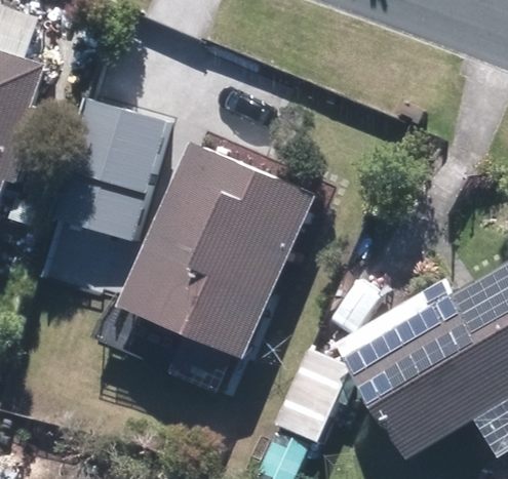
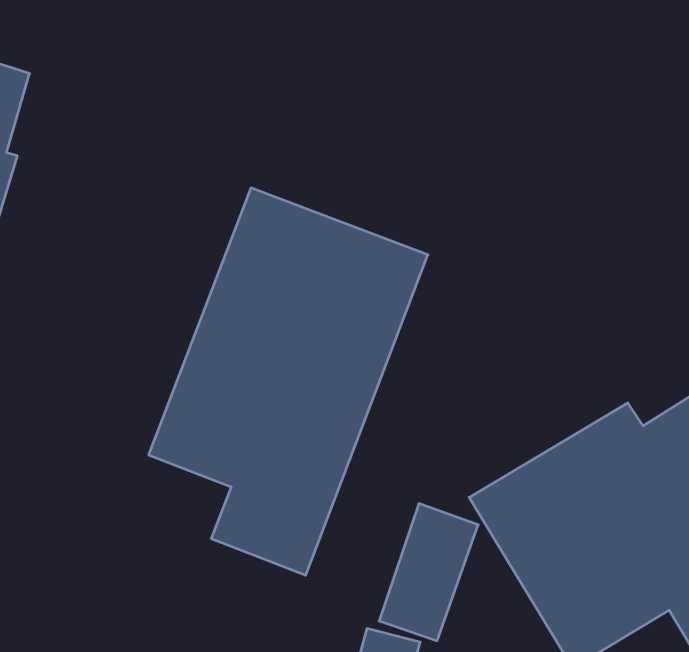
building: [52,104,166,246] -> none

